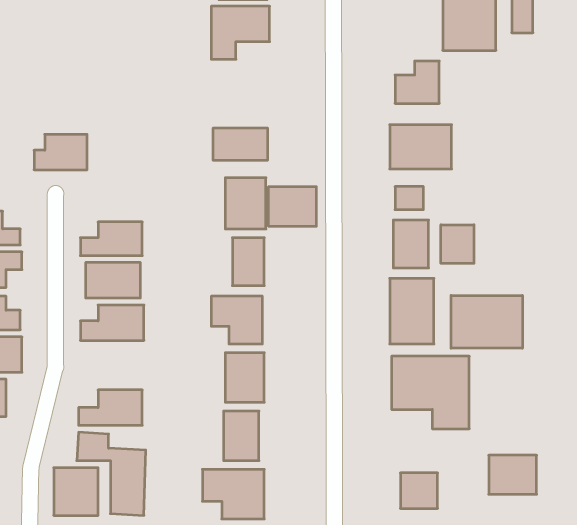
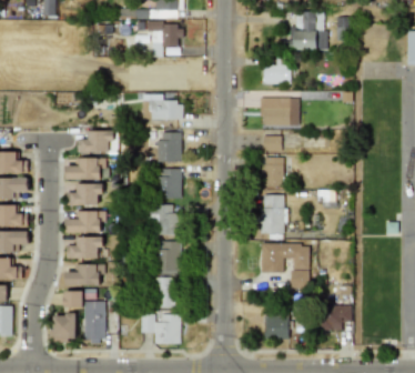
building: [34,134,87,170] -> [80,131,113,153]
building: [269,187,316,226] -> none
building: [441,225,474,263] -> none
building: [451,295,522,348] -> none
building: none -> [65,238,102,259]

